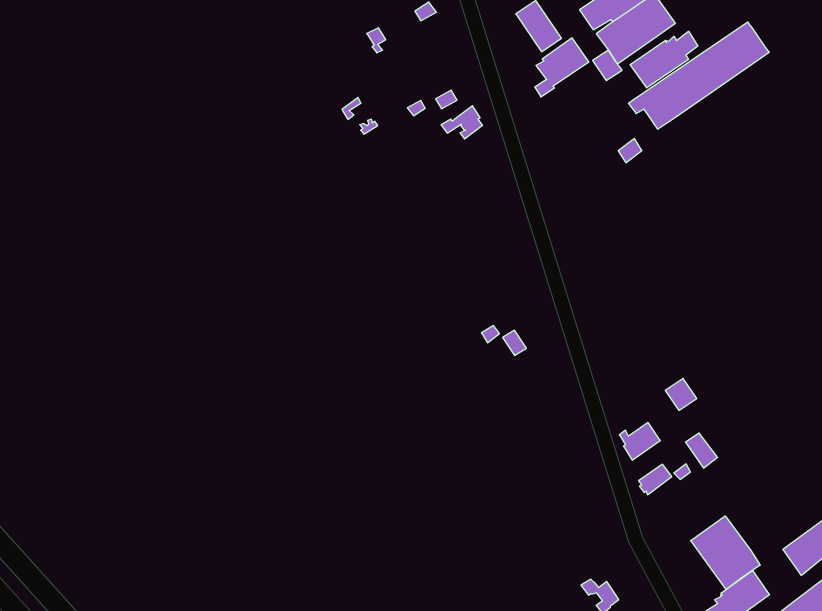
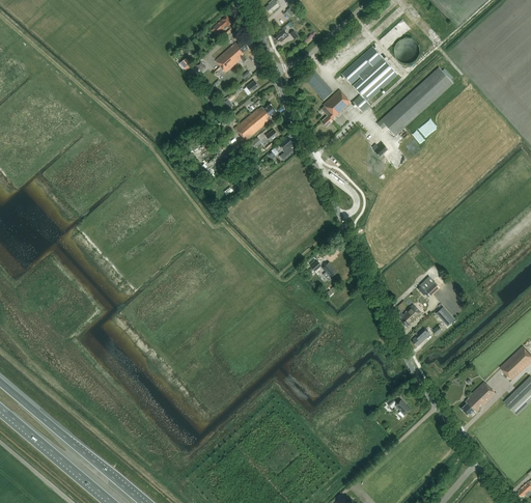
building: [630,31,698,88] -> none
building: none -> [234,104,276,141]
building: [691,516,760,590] -> none

